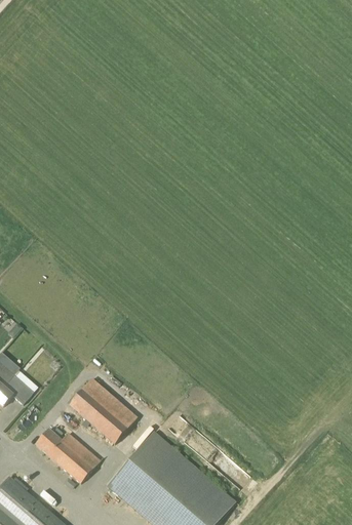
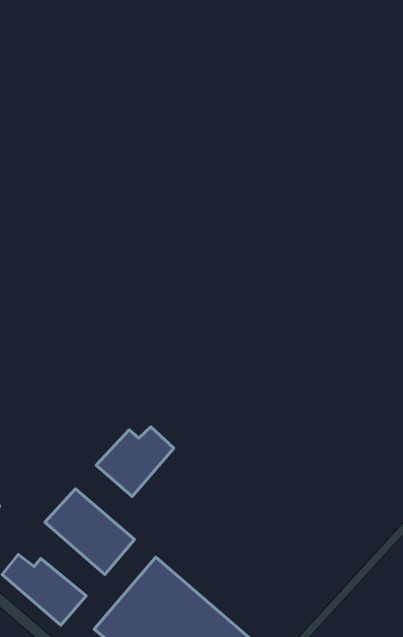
building: none -> [96,427,174,496]

